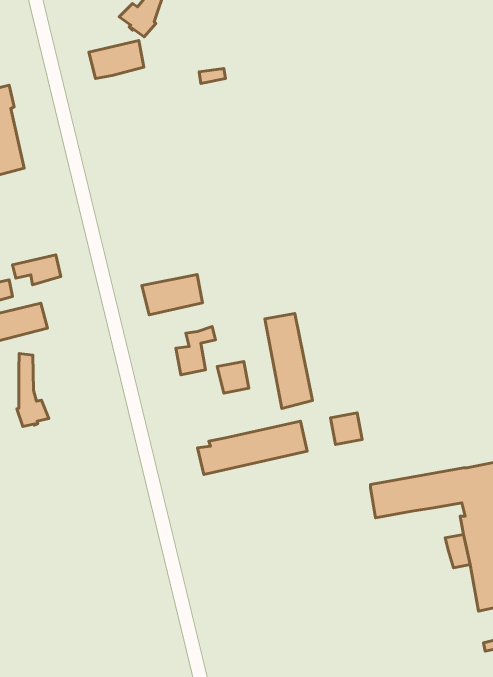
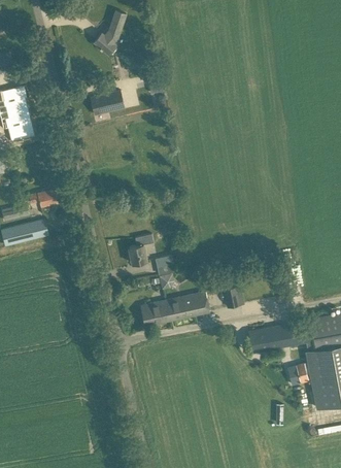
building: [89,40,144,79] -> [90,91,124,114]
building: [142,274,203,315] -> none
building: [265,314,313,409] -> none
building: [17,353,49,427] -> none

